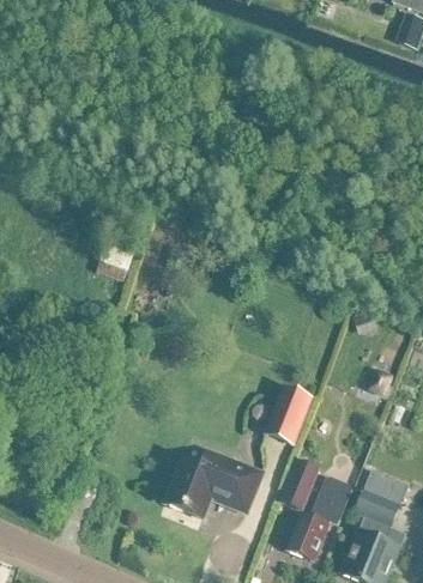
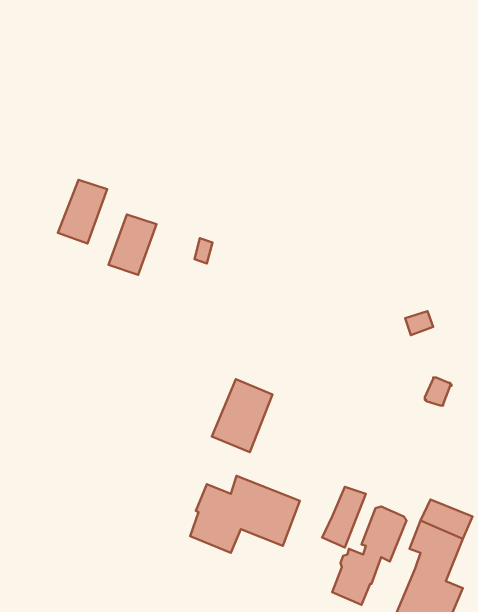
building: none -> [58,180,107,244]
building: [264,383,315,445] -> [212,379,272,452]

